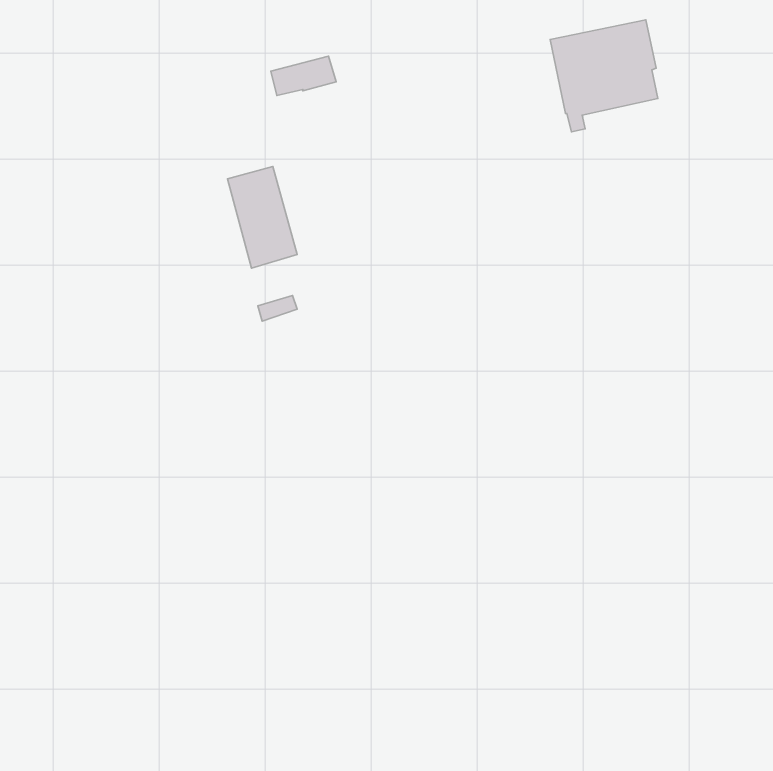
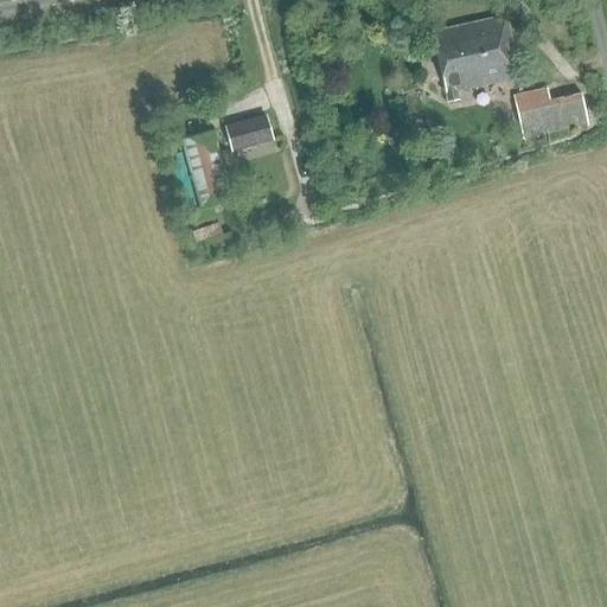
building: [271,56,336,95] -> [224,115,275,146]
building: none -> [513,85,588,138]

